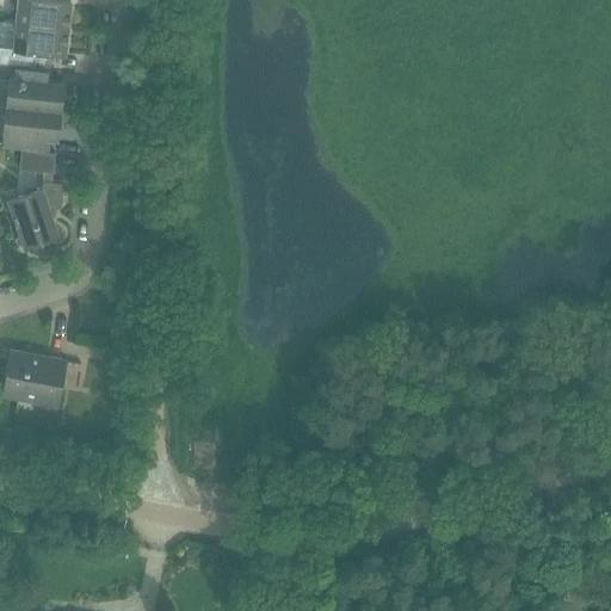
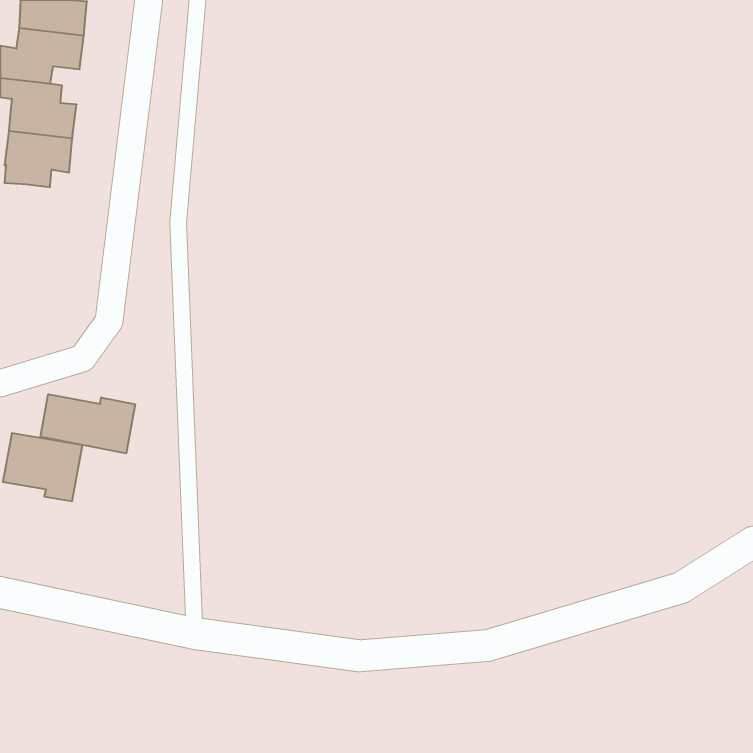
building: [8,149,63,247] -> none
building: none -> [40,394,135,453]

